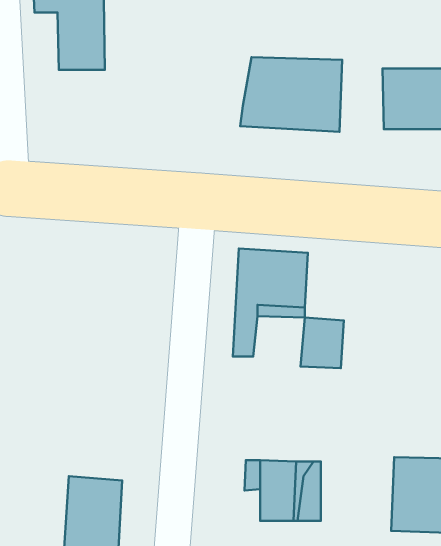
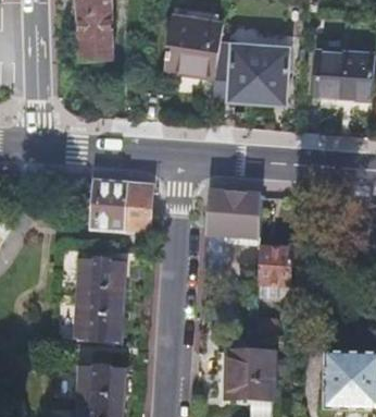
building: none -> [166,19,223,83]
building: none -> [93,183,152,232]
building: none -> [76,254,123,339]

